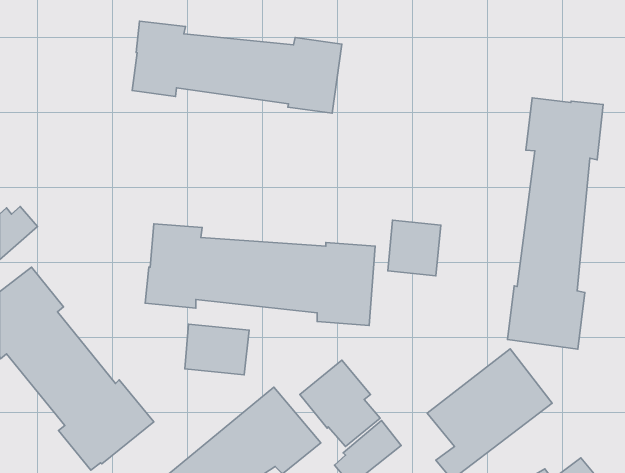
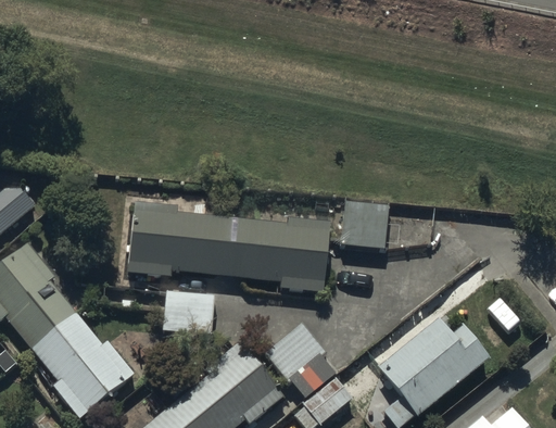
building: [132,21,342,113] -> none
building: [507,98,603,349] -> none

